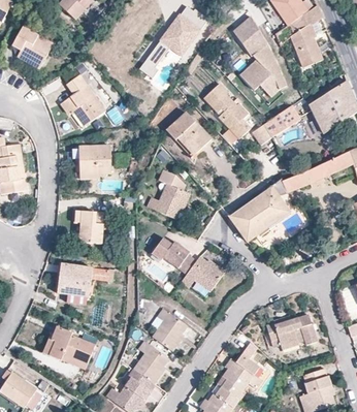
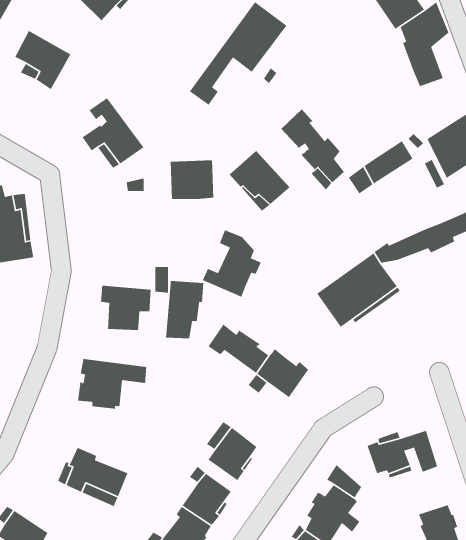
building: [233,15,287,103] -> none
building: [78,146,110,175] -> [170,160,214,200]
building: none -> [165,280,204,339]

